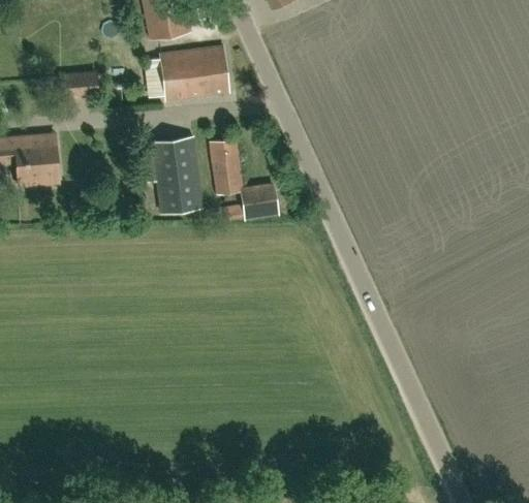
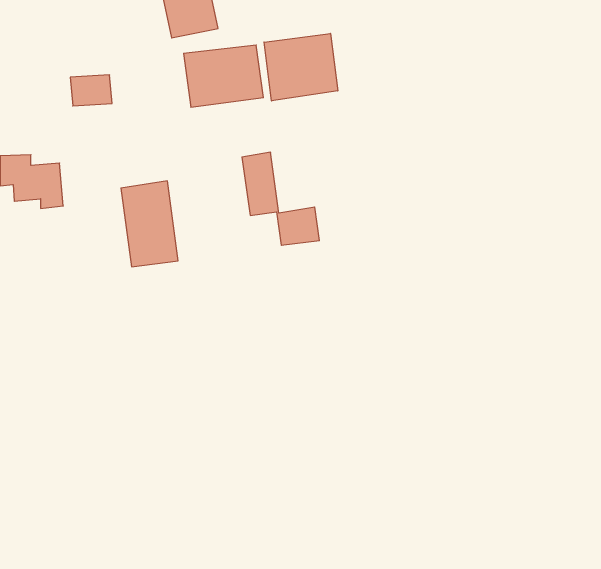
building: none -> [264,33,338,101]
building: [152,137,201,212] -> [121,181,178,267]

